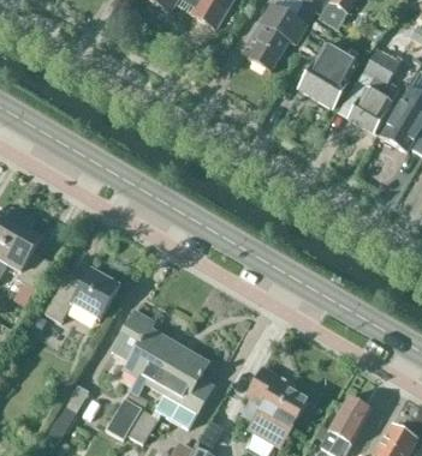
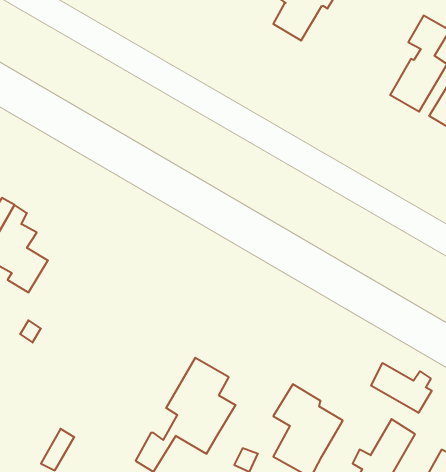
building: [299,42,358,108] -> none
building: [44,268,120,323] -> none
building: [107,311,179,438] -> none
building: none -> [371,363,432,413]

